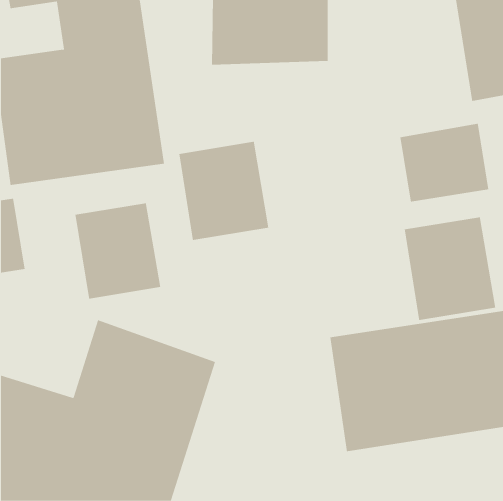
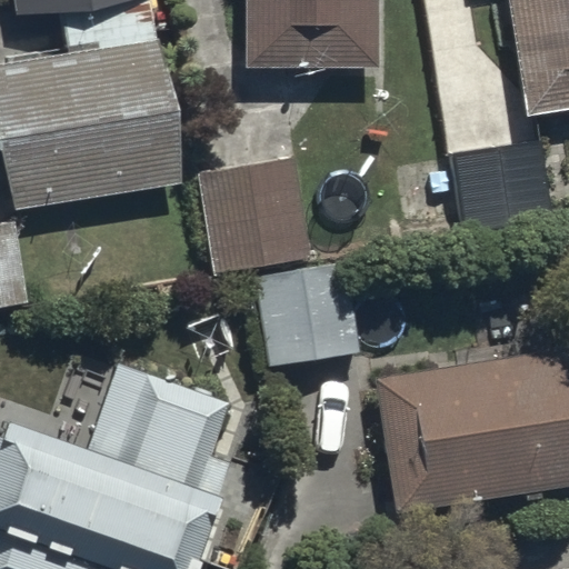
building: [75,202,161,299] -> none
building: [404,217,496,321] -> none
building: none -> [246,271,362,366]

